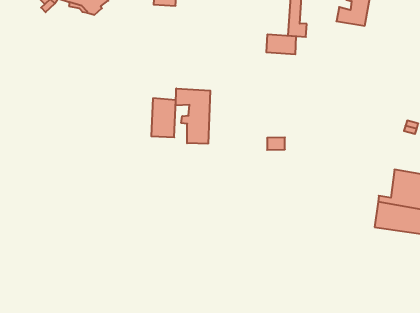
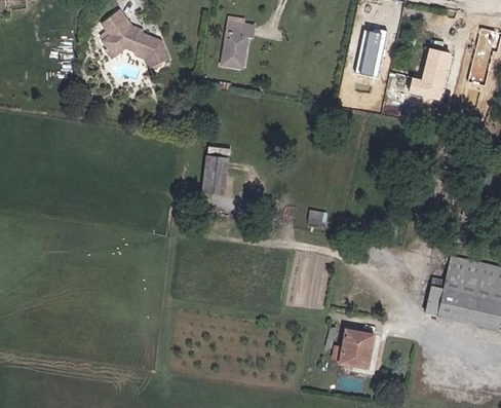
building: [266,34,296,54] -> none
building: [176,88,210,144] -> none
building: none -> [338,329,370,367]

